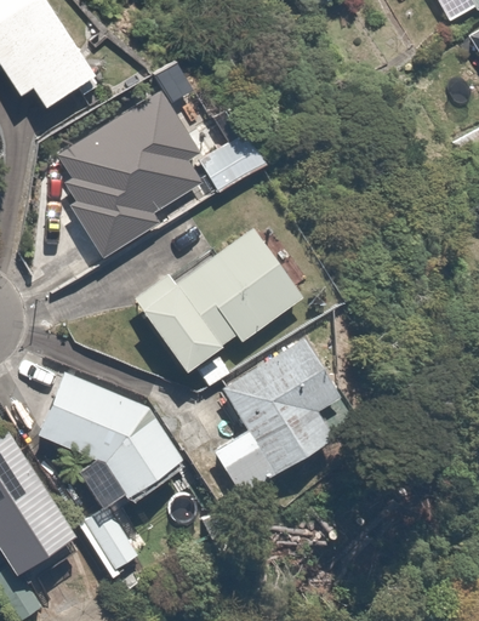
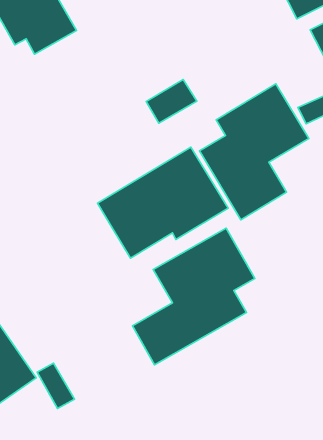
building: [79,91,212,238] -> none
building: none -> [199,84,309,220]
building: [33,372,189,498] -> none

